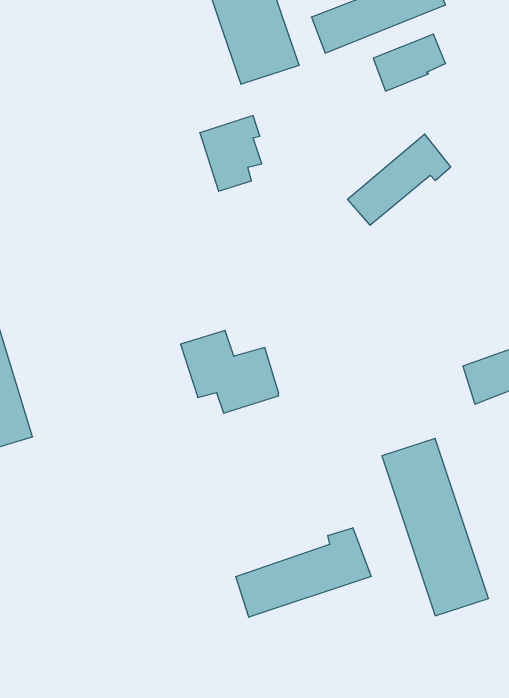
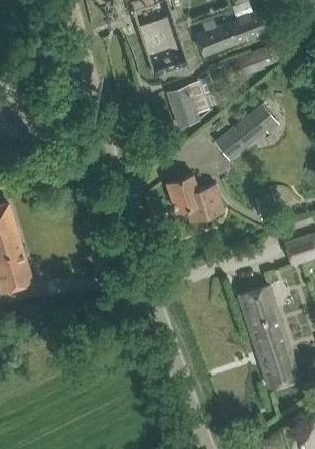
building: [200,116,262,191] -> [168,83,204,127]
building: [180,330,279,413] -> [166,174,223,222]
building: [236,528,371,617] -> none

